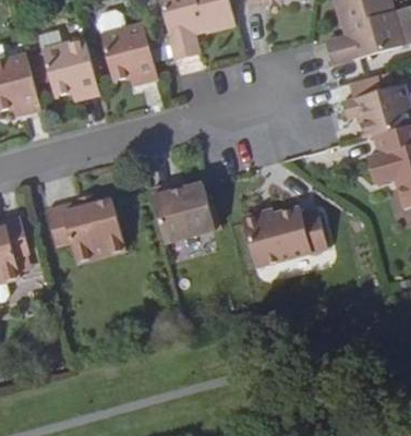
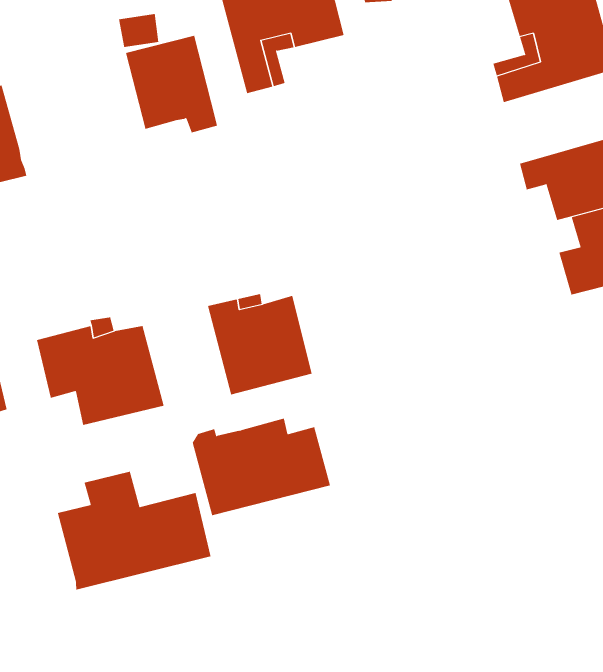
building: [43,38,99,98] -> none
building: [241,206,326,266] -> [192,418,331,516]
building: none -> [57,471,211,590]

